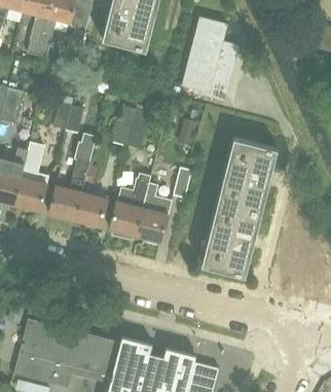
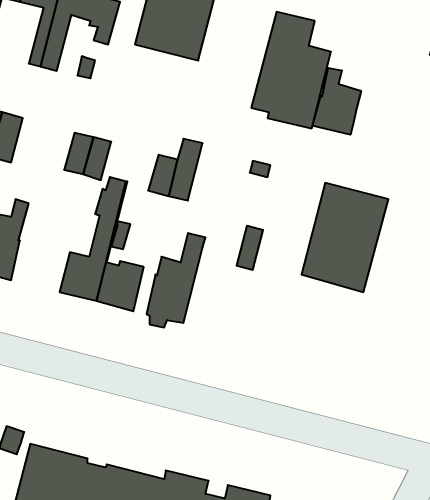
building: none -> [312,68,361,135]
building: [14,143,47,211] -> none
building: [135,182,171,242] -> none
building: [200,201,260,276] -> none

